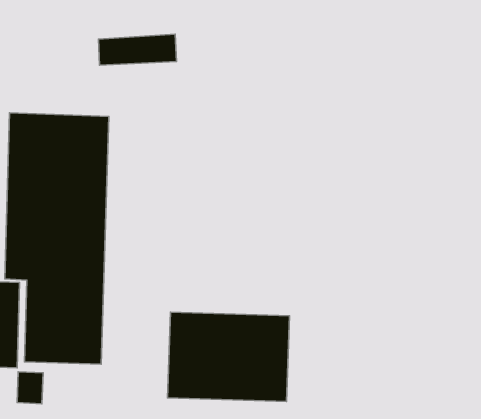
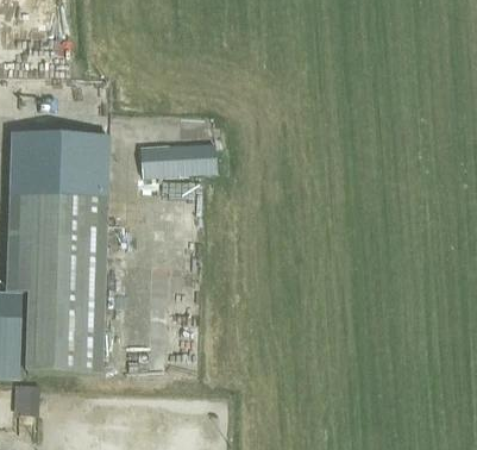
building: [98,34,176,65] -> [142,145,216,175]
building: [168,312,289,402] -> none

